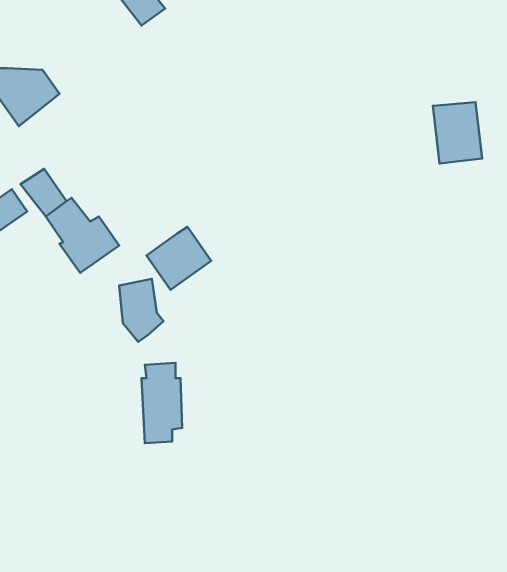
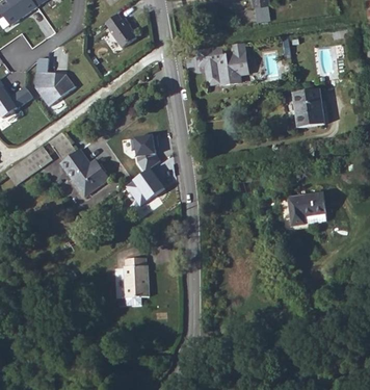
building: none -> [199,42,250,82]
building: [119,279,164,342] -> [133,133,160,172]
building: none -> [294,200,328,231]

